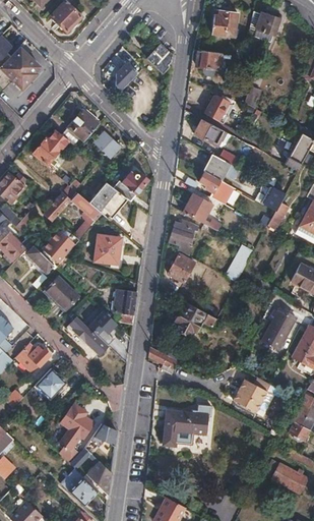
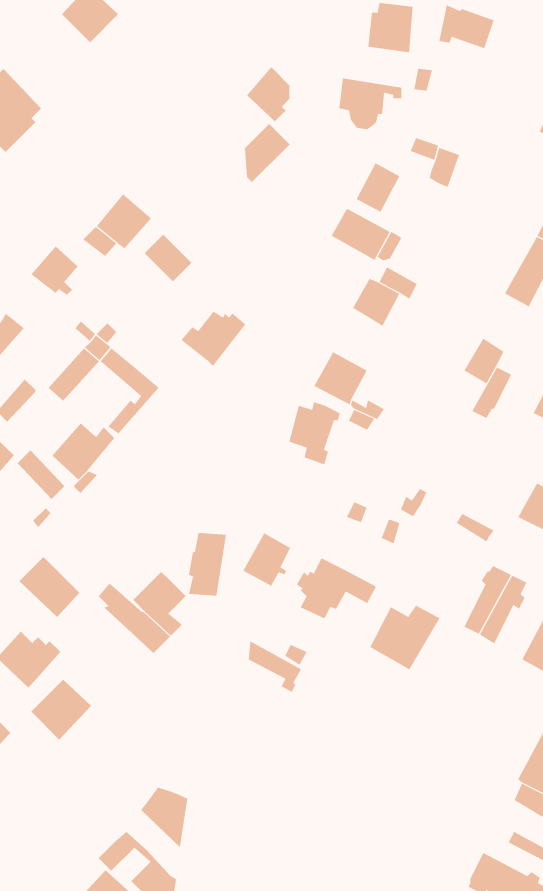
building: [114,61,138,93] -> [244,123,290,183]
building: [199,172,233,205] -> none
building: [88,182,127,219] -> none
building: [95,235,121,265] -> none
building: [168,254,193,283] -> [243,532,291,586]
building: [45,277,77,309] -> [19,556,80,618]
building: [233,378,270,412] -> [369,605,441,670]
building: [57,403,93,463] -> none
building: [165,405,209,446] -> none

